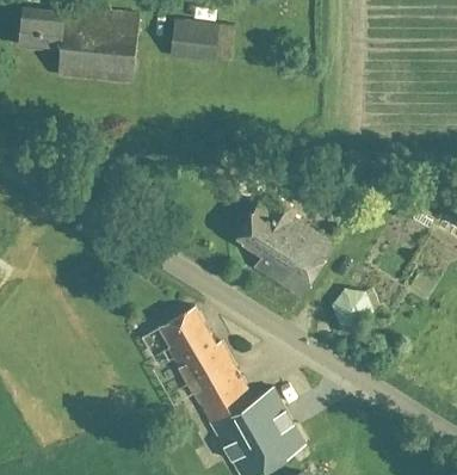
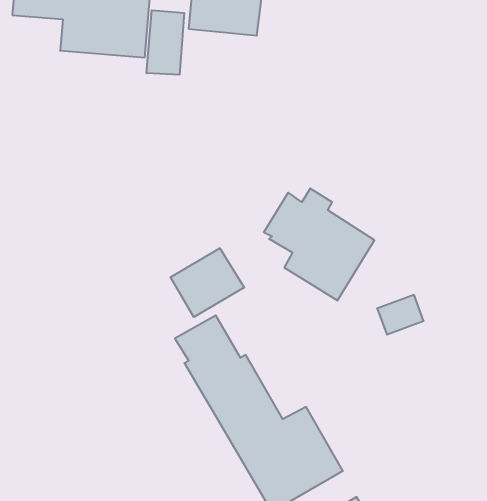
building: none -> [147,10,184,75]
building: none -> [171,248,244,317]

